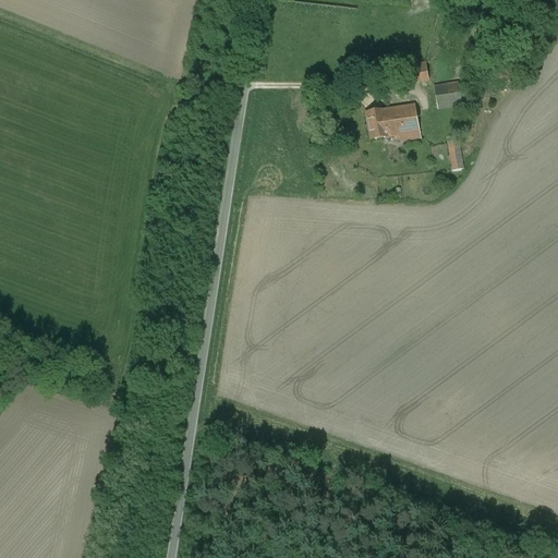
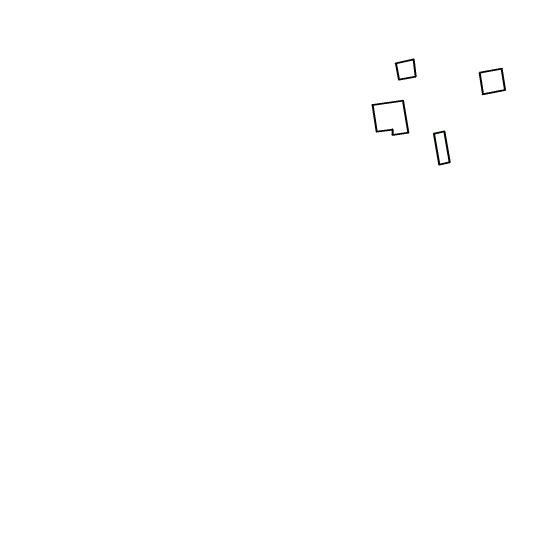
building: [434,82,460,108] -> [480,69,505,94]
building: [365,108,387,137] -> none

